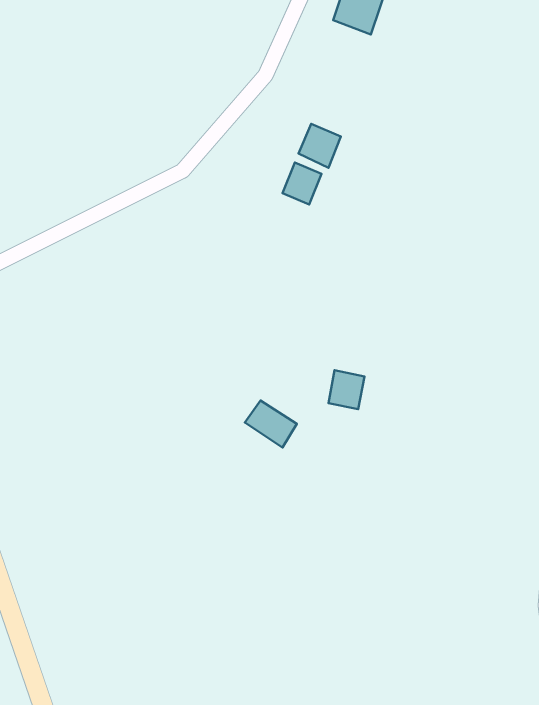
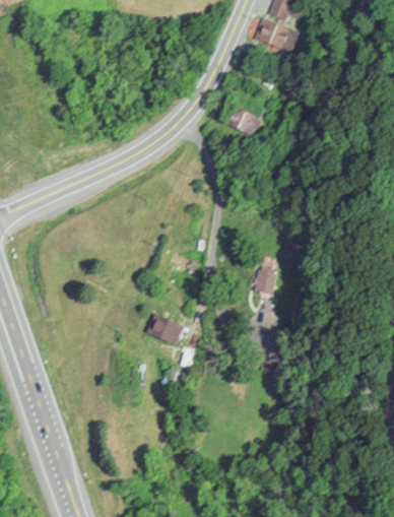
building: [282,163,322,204] -> none
building: [245,400,297,447] -> [148,313,182,343]

